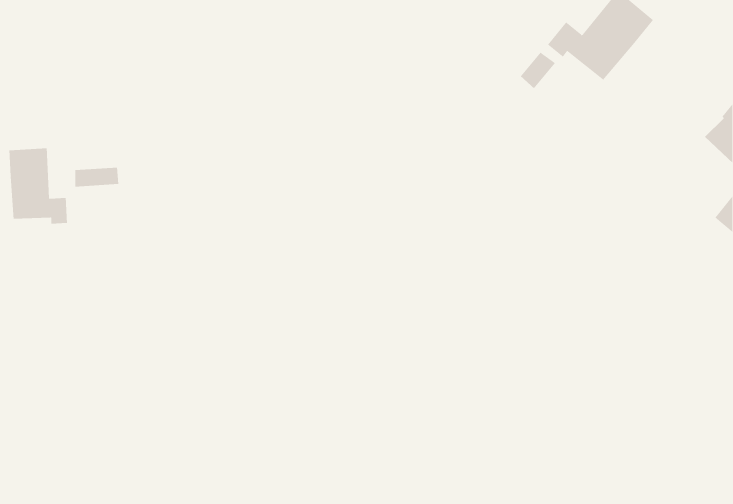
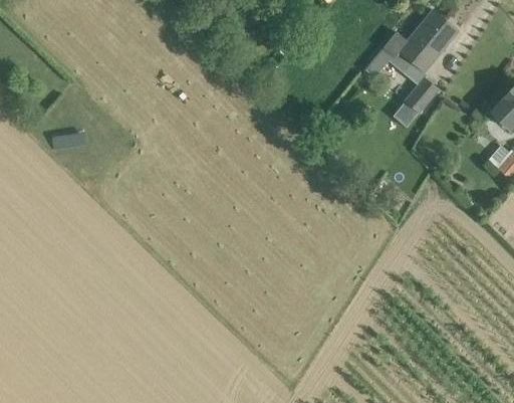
building: none -> [405,78,438,114]
building: [9,147,68,224] -> none

